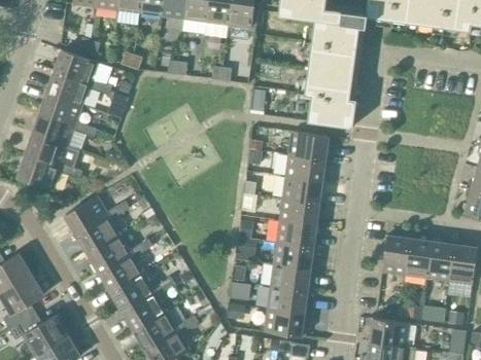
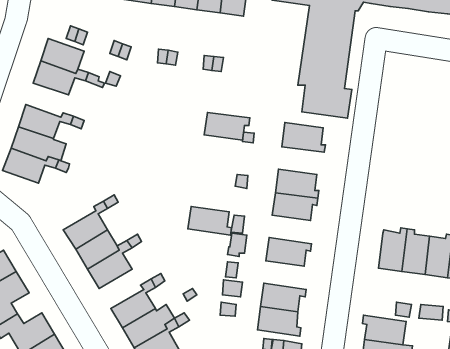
building: [39,94,80,127] -> none
building: [284,155,329,182] -> [204,113,250,140]
building: [64,196,107,236] -> none
building: [275,221,317,249] -> [188,207,231,235]
building: [270,265,312,293] -> none
building: [110,274,153,312] -> none

